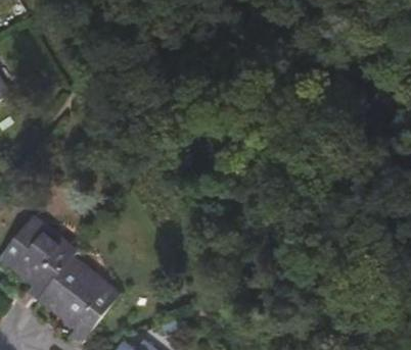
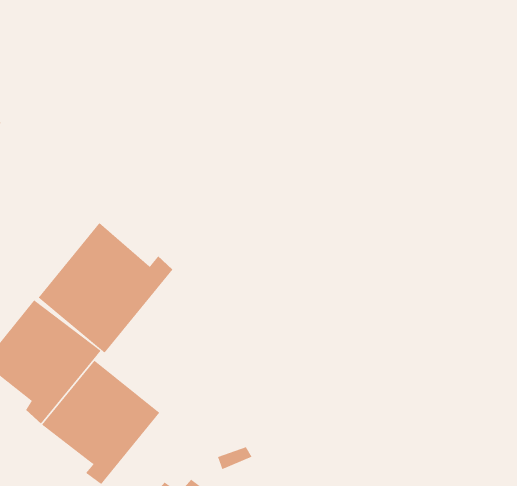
building: none -> [38,222,173,354]

